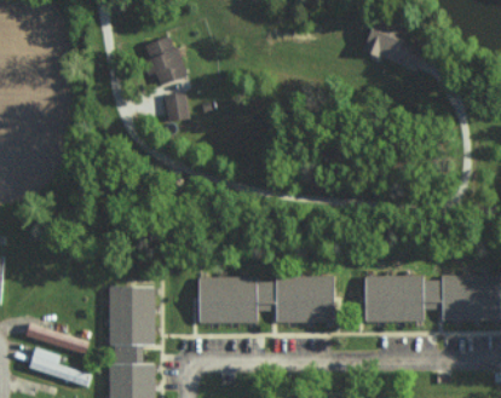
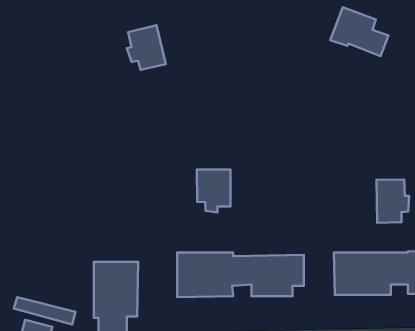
building: [166,93,188,121] -> none
building: none -> [197,169,231,213]
building: none -> [376,179,409,223]

